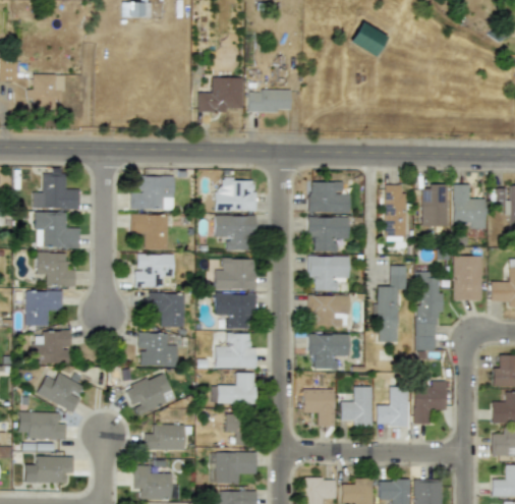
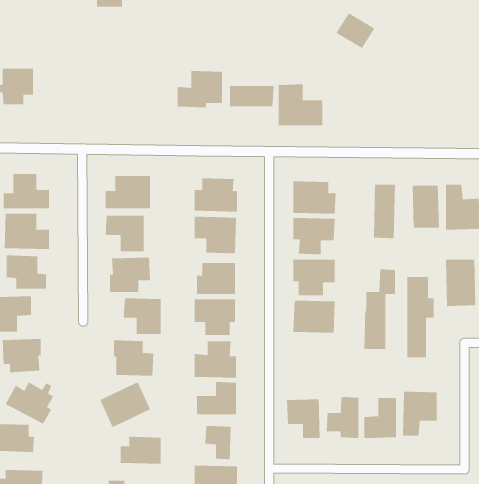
building: none -> [278,83,323,126]
building: [307,334,349,370] -> none

